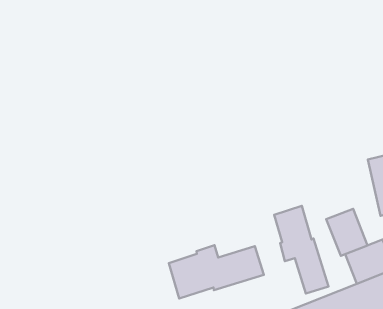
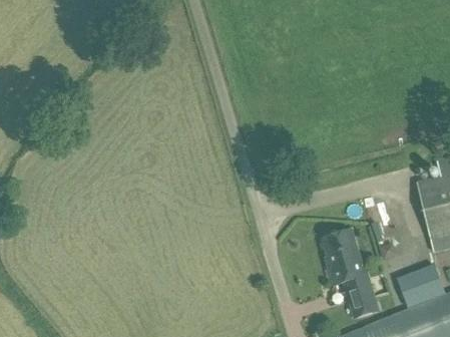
building: [326,209,367,256] -> none
building: [169,245,264,298] -> none

